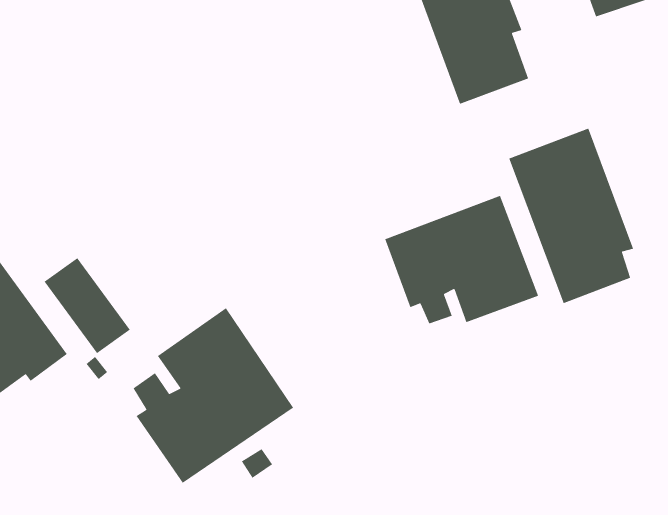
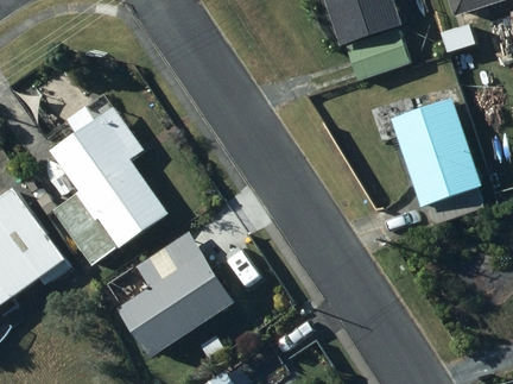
building: none -> [49,112,167,247]
building: [384,195,539,325] -> none

